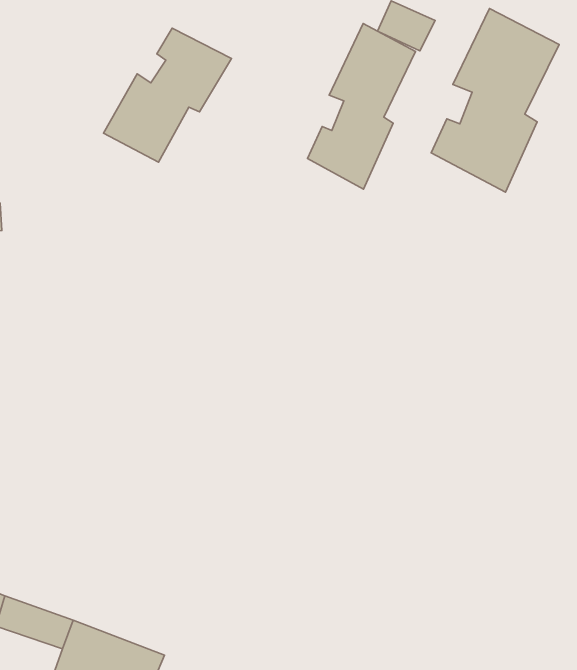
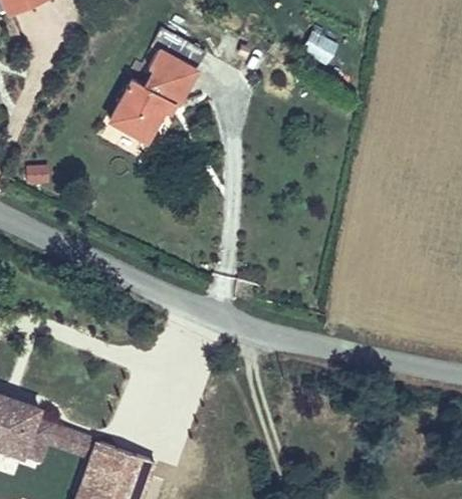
building: [431,8,559,192] -> none
building: [308,24,416,189] -> none

